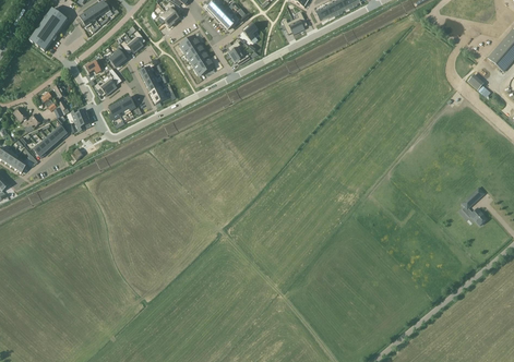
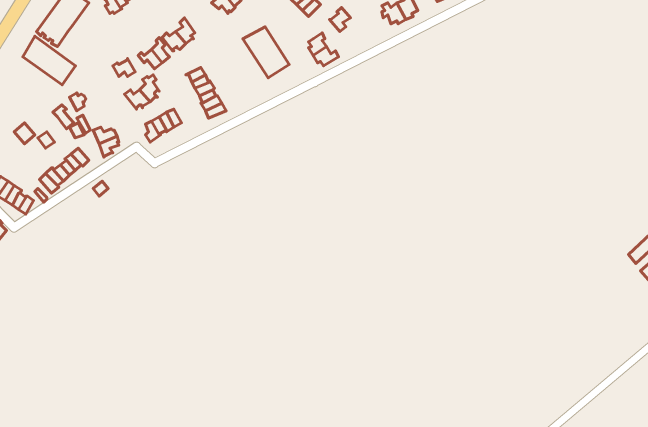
building: none -> [23,36,76,85]

